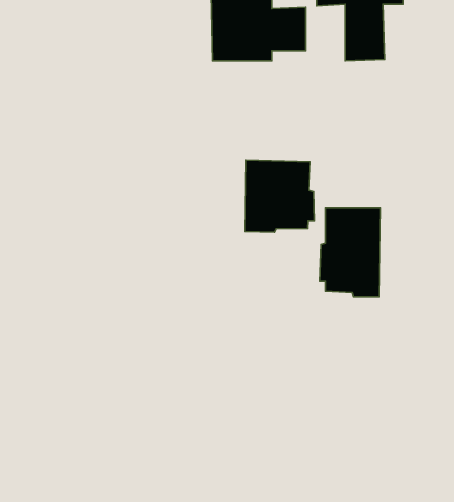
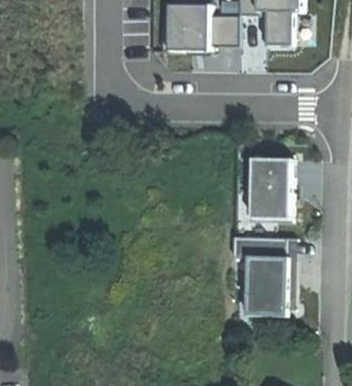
building: [245,160,314,232] -> none
building: none -> [227,238,291,313]

